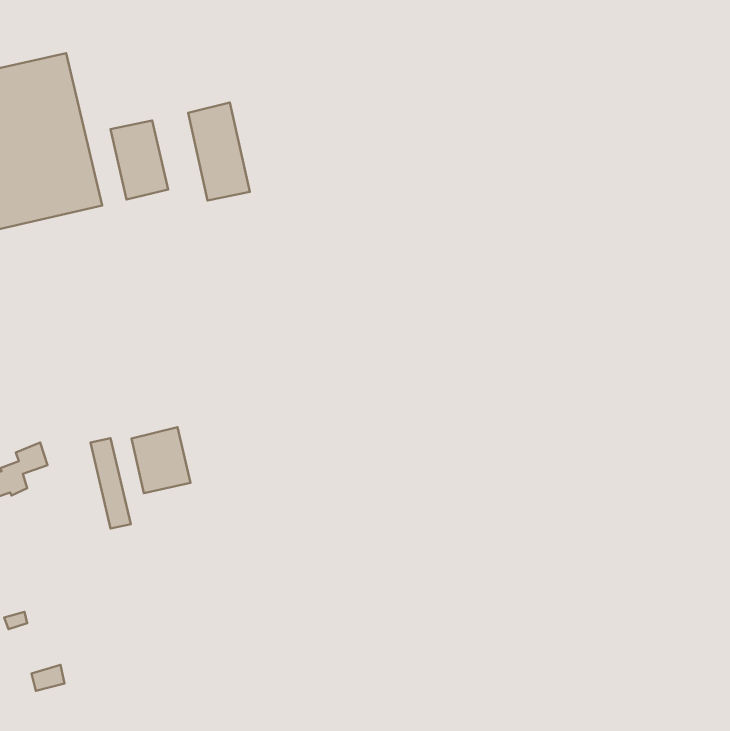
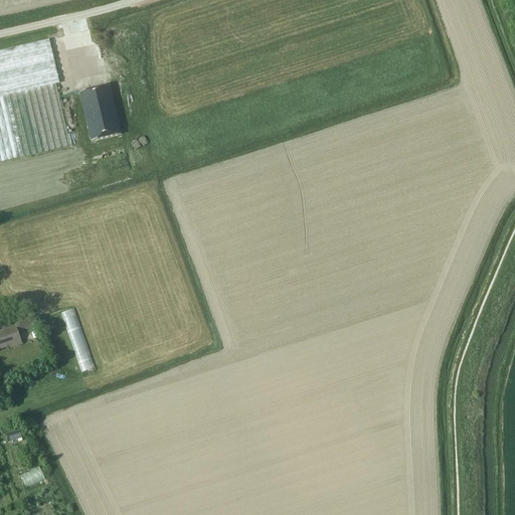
building: [188,103,250,201] -> none
building: [131,427,190,493] -> none

